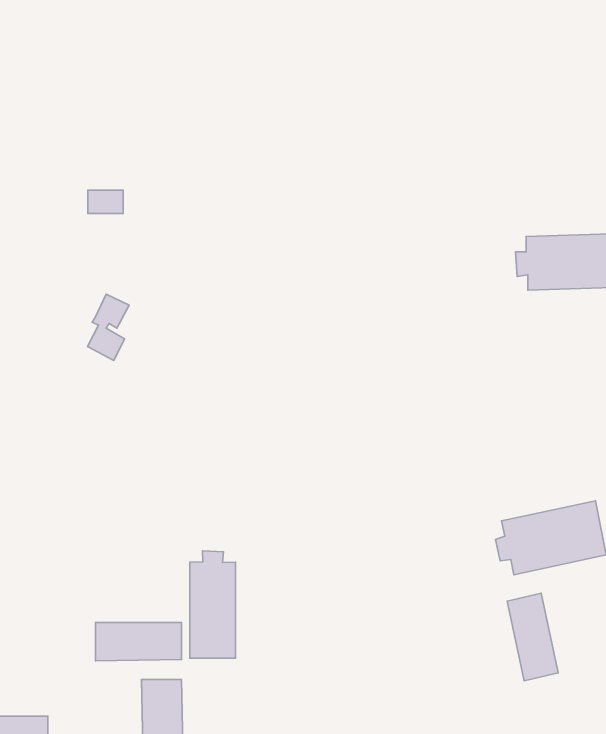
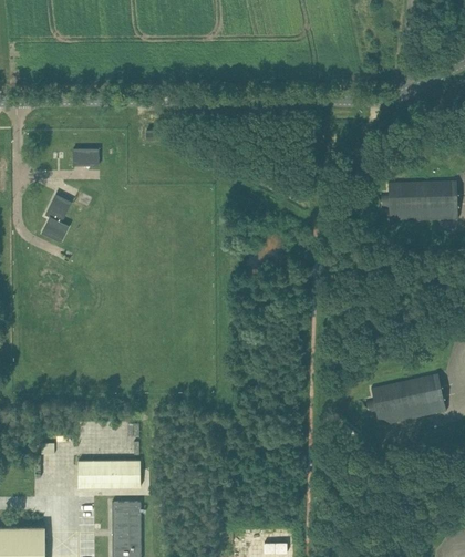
building: [88,294,129,360] -> [42,195,72,243]
building: [190,551,235,658] -> none
building: [507,593,558,681] -> none

